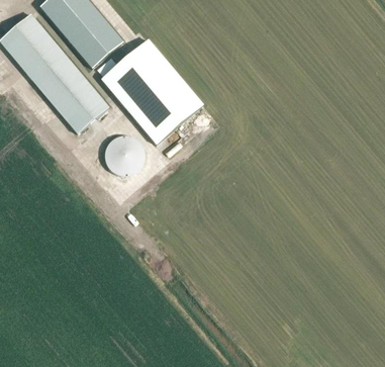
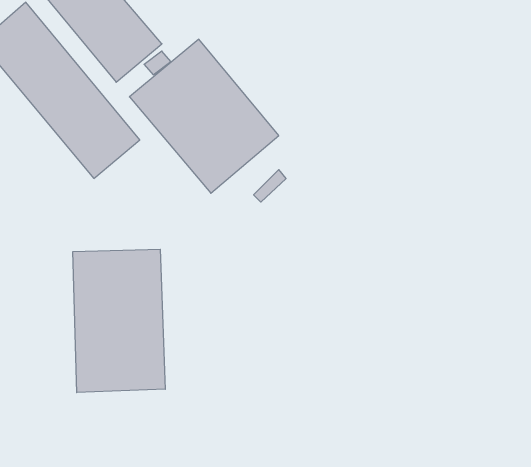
building: [106,135,143,173] -> none
building: none -> [73,249,165,393]

